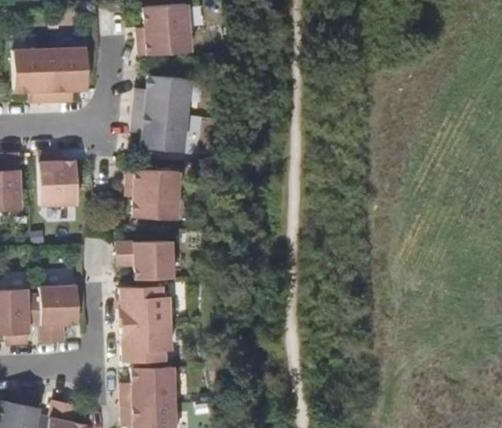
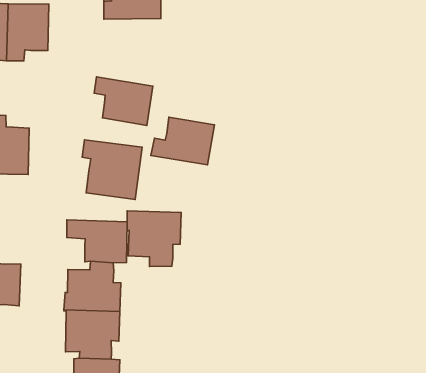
building: [135,75,191,116] -> [151,117,215,165]
building: none -> [127,211,181,267]

